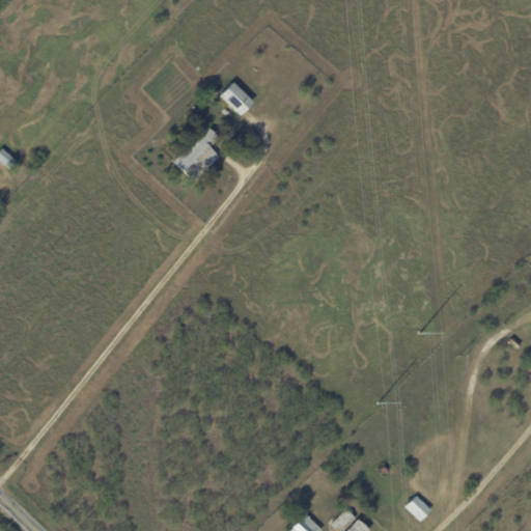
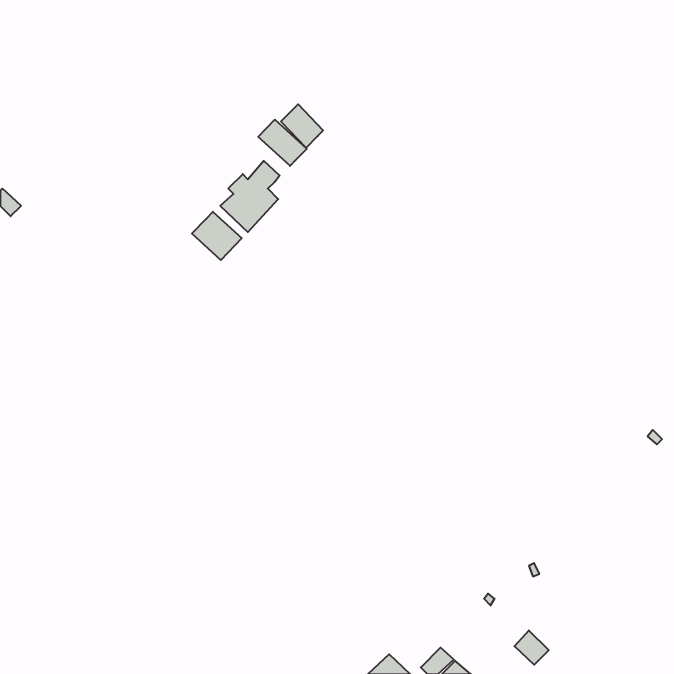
building: none -> [258,120,307,166]
building: none -> [192,212,242,260]

